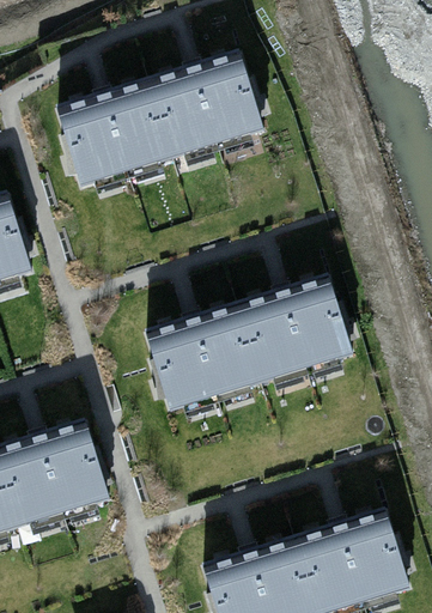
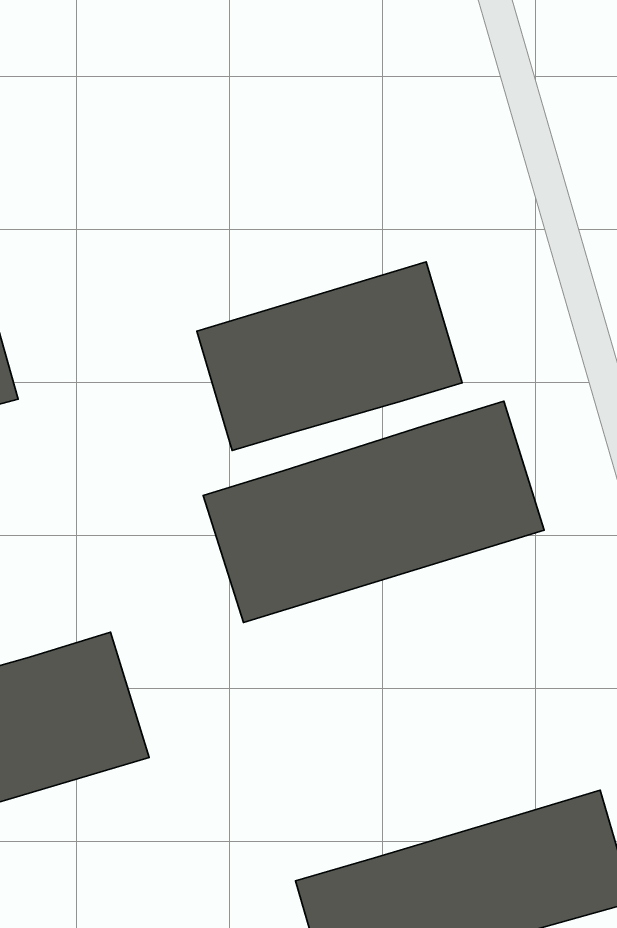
building: [50,49,266,187] -> none
building: none -> [197,262,462,451]

